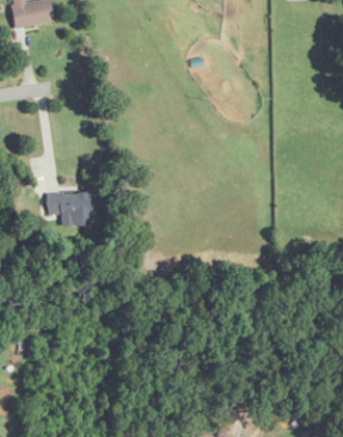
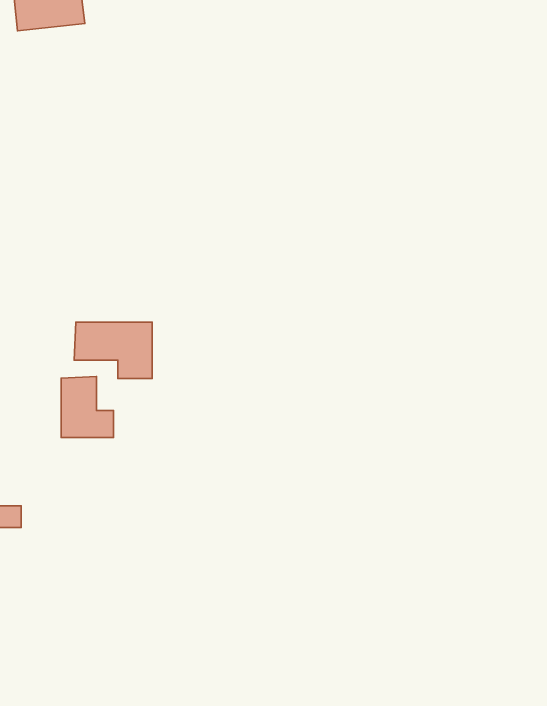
building: none -> [61,377,114,437]

